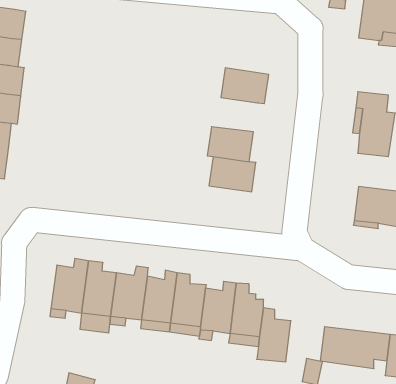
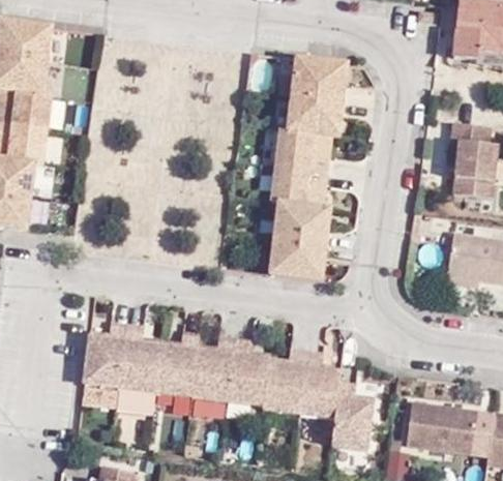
building: none -> [292,55,350,100]
building: none -> [275,128,331,170]
building: none -> [267,235,324,279]

